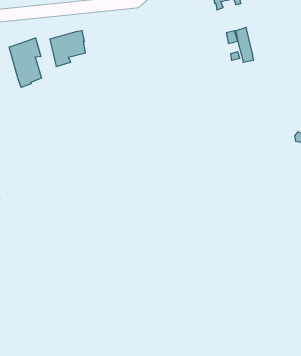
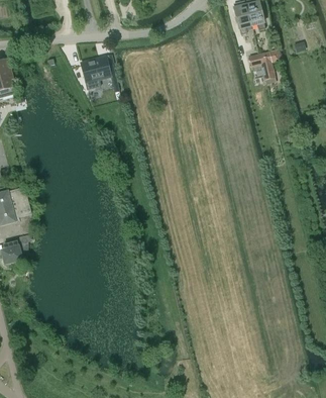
building: [9,38,41,88] -> none

